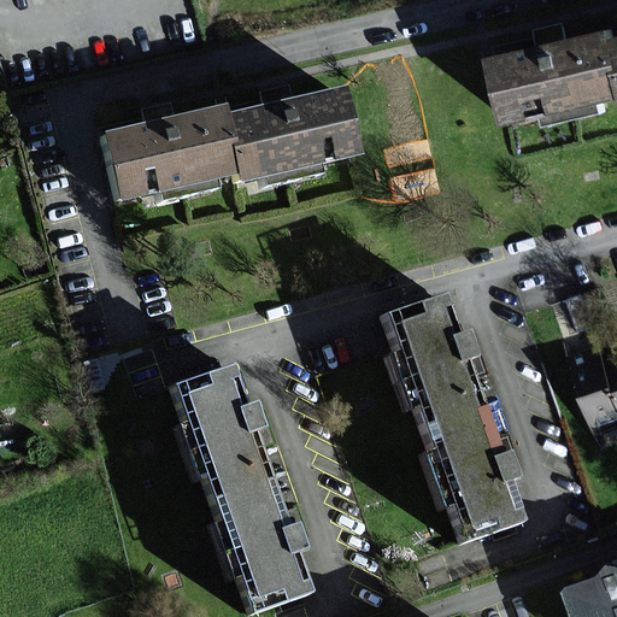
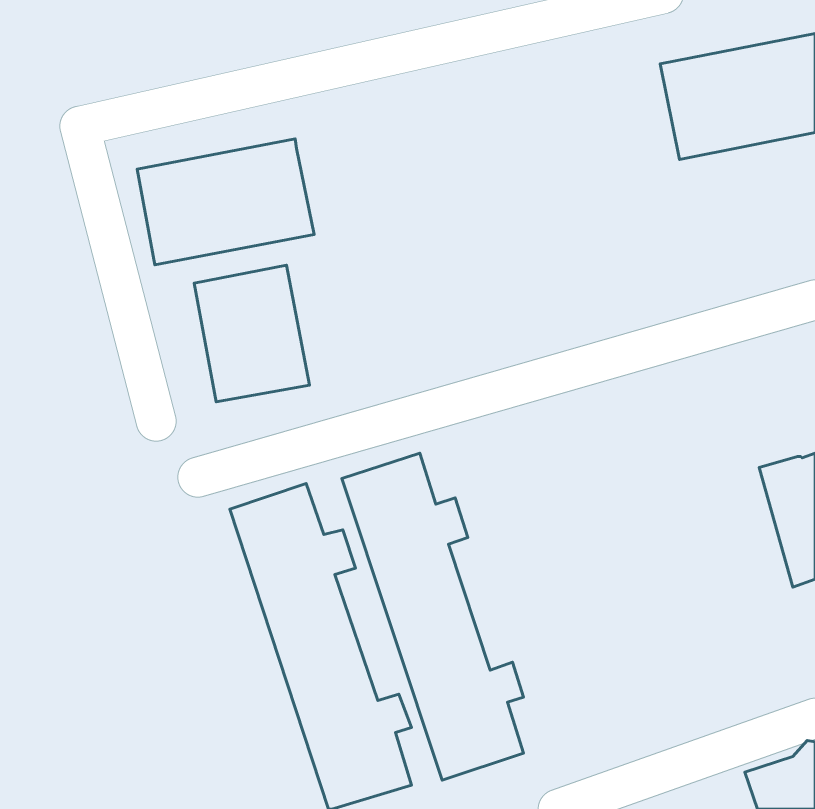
building: [224,89,360,183] -> none
building: none -> [194,265,309,402]
building: [386,298,523,545] -> [342,453,524,780]

